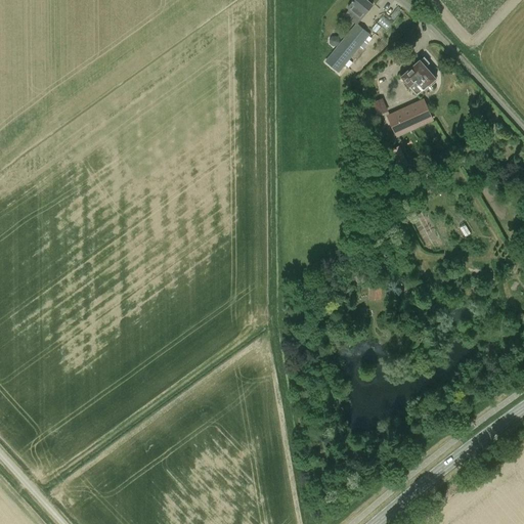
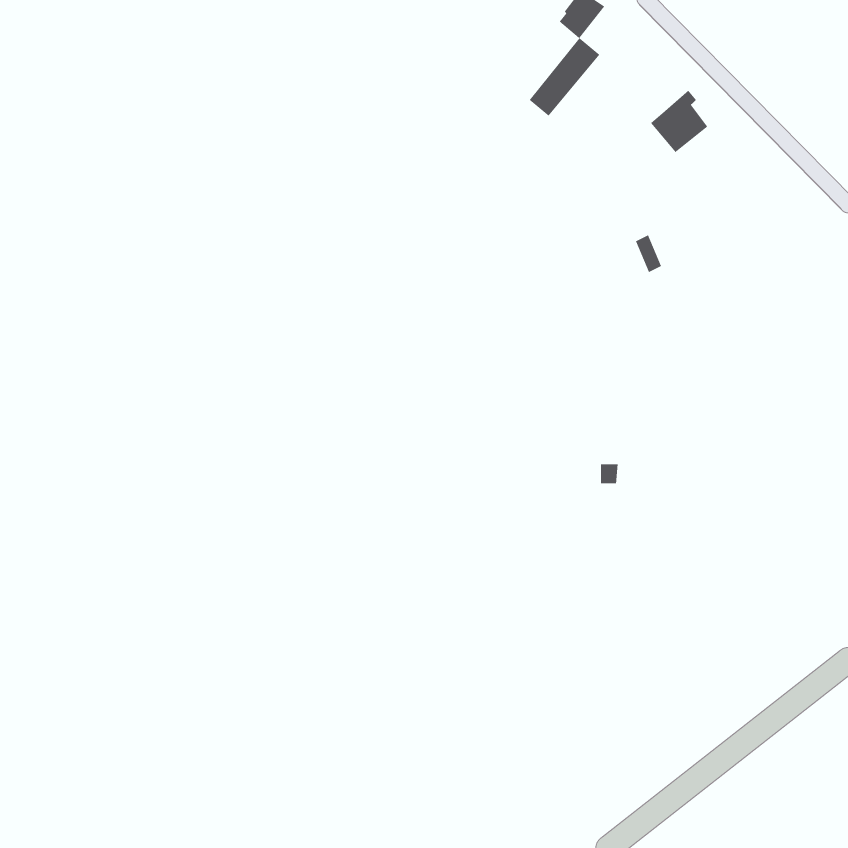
building: [380,99,432,138] -> none

